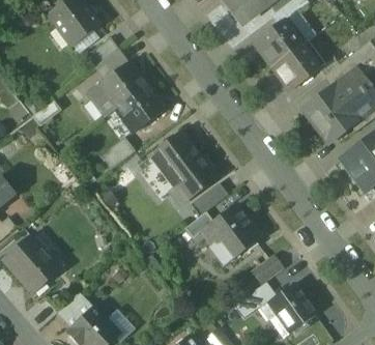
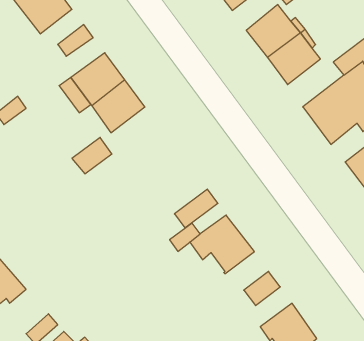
building: [148,131,215,204] -> none

